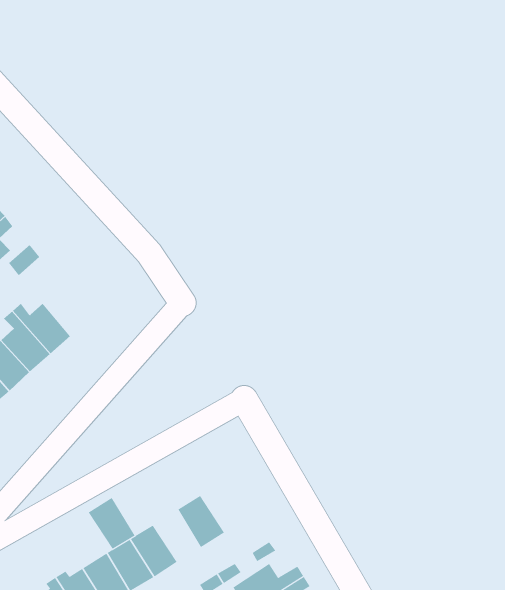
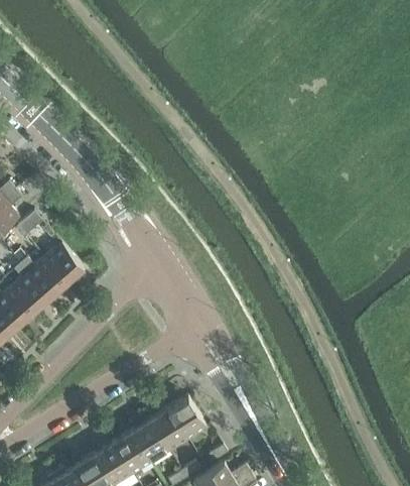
building: none -> [44,244,84,285]
building: none -> [168,398,207,440]
building: [88,497,135,550] -> [131,421,168,463]

